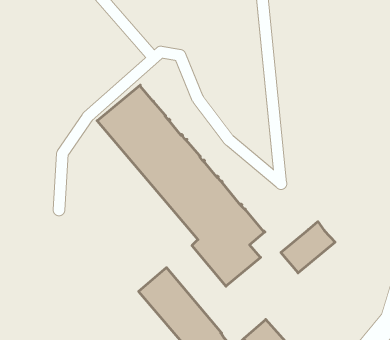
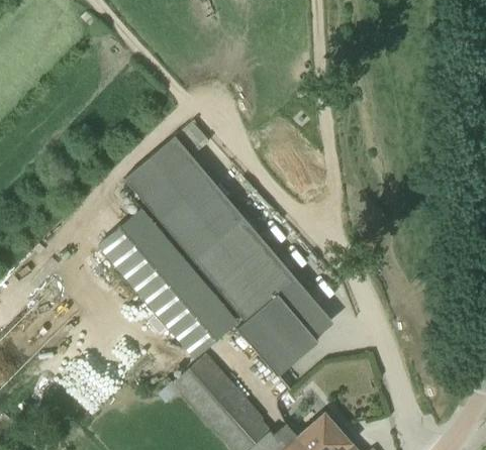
building: none -> [99,209,238,358]
building: [281,222,335,273] -> none

